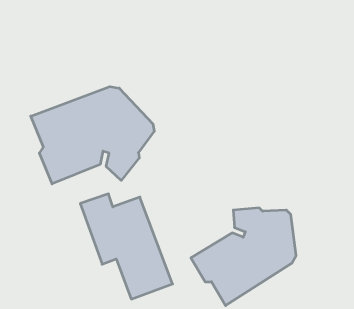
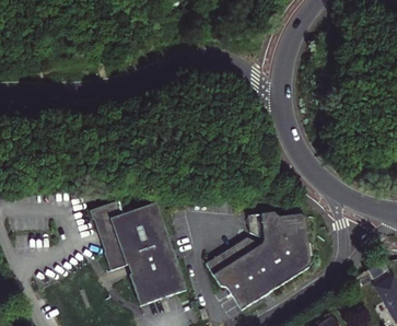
building: [31,87,154,184] -> none

